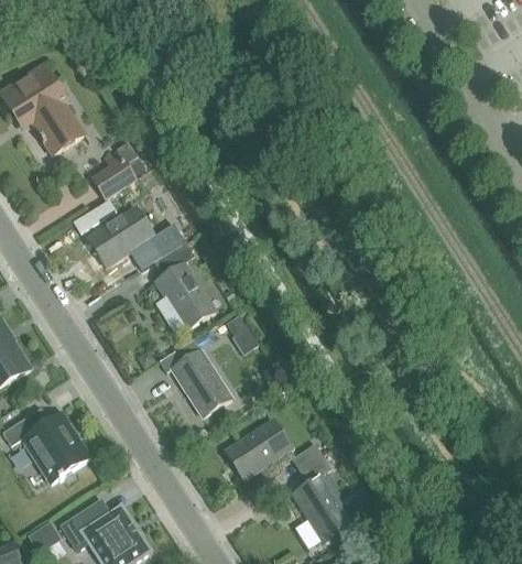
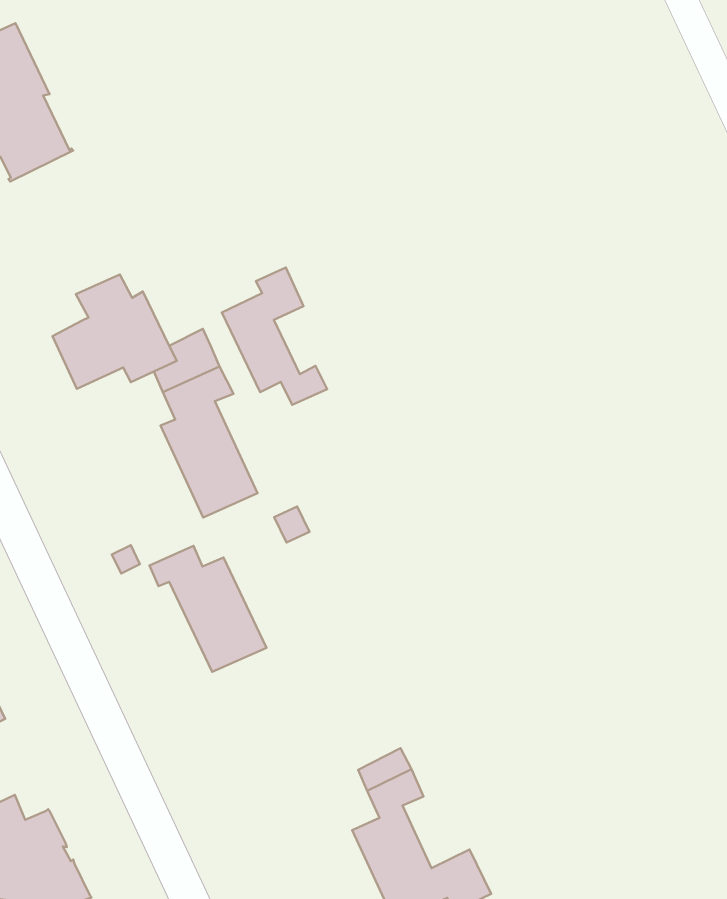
building: [94,152,134,196] -> none
building: none -> [222,267,327,405]
building: [225,420,292,479] -> none

